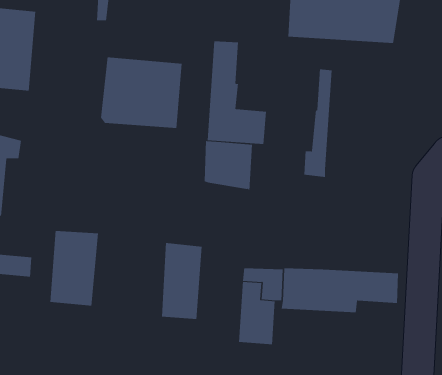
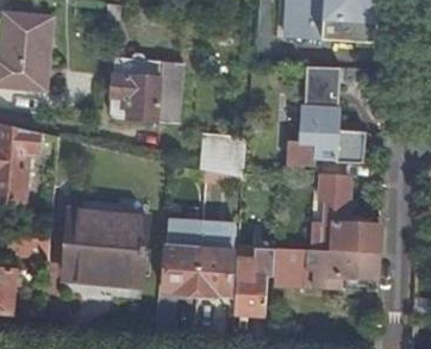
building: [207,41,267,145] -> [313,69,367,162]
building: none -> [311,176,380,251]
building: none -> [104,216,148,283]
building: none -> [198,224,236,294]

